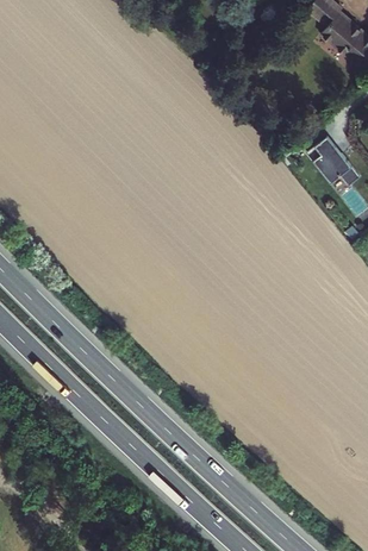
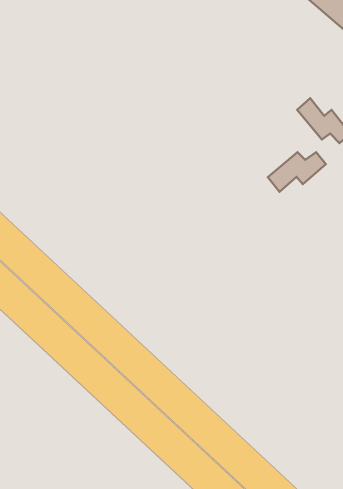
building: none -> [268,152,326,192]

